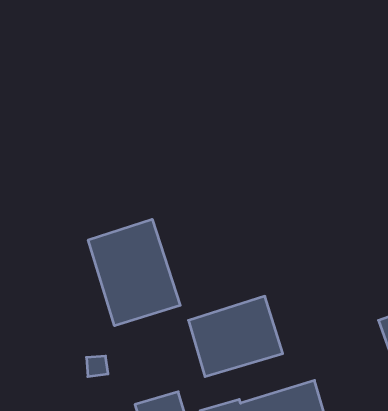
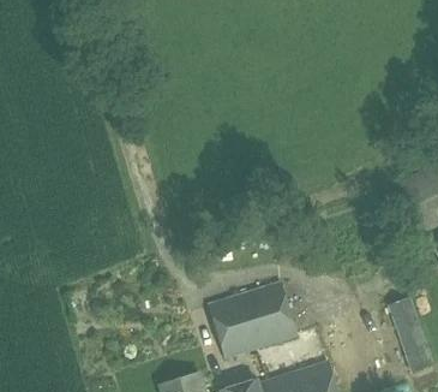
building: [88,219,180,326] -> none

